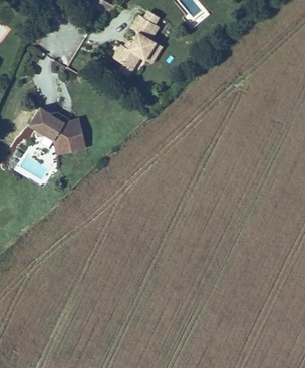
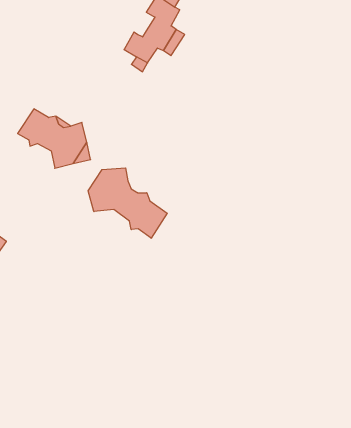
building: none -> [88,168,167,238]

